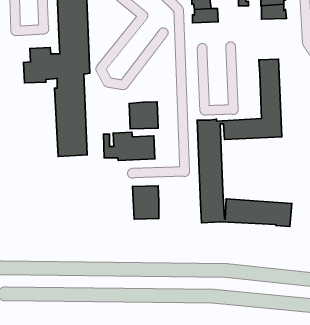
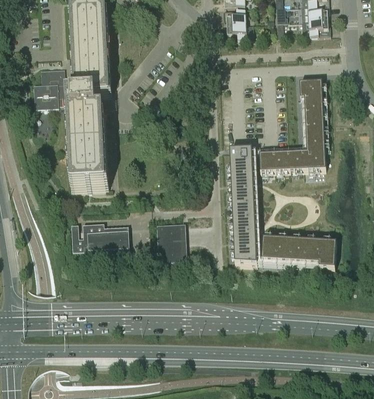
building: [129,102,158,129] -> none
building: [103,132,155,161] -> [71,222,129,254]

